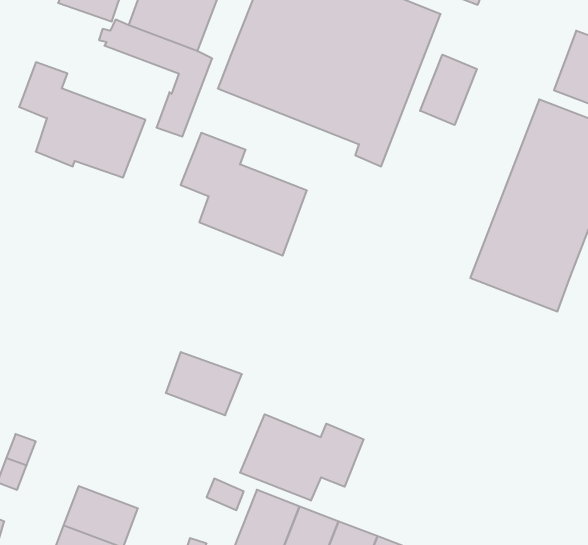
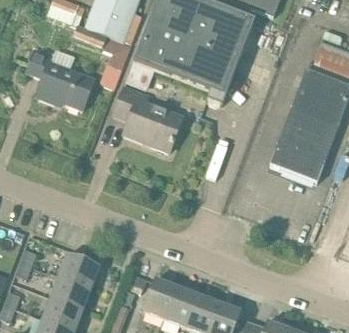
building: [420,55,477,125] -> none
building: [166,352,242,415] -> [59,253,100,287]
building: [240,414,364,501] -> none

